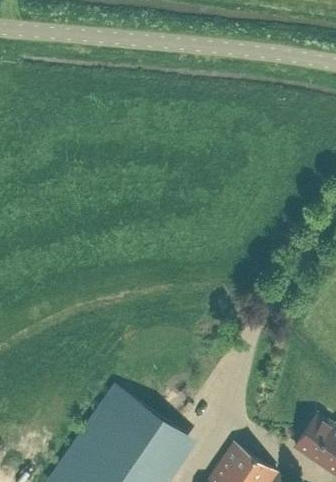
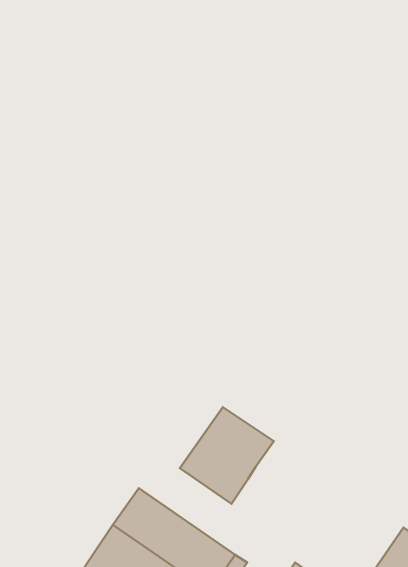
building: none -> [180,407,274,504]

